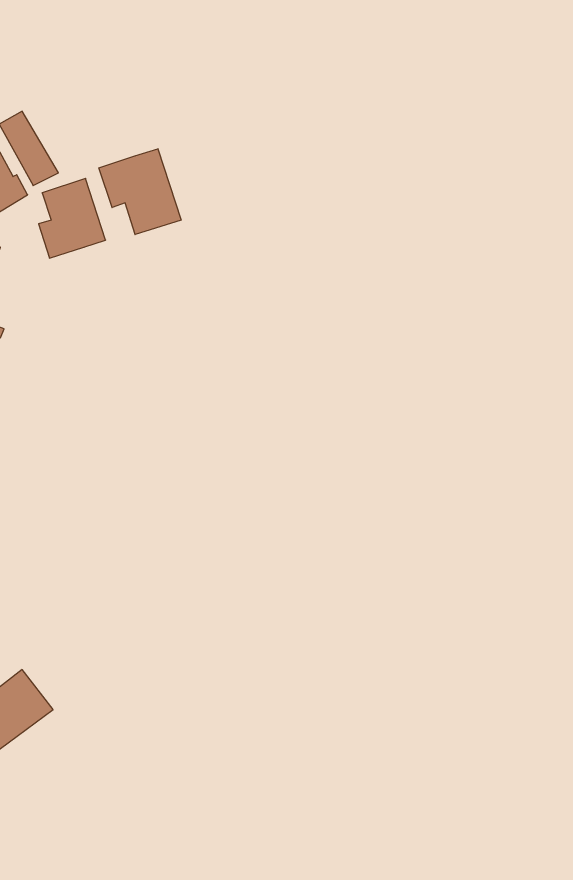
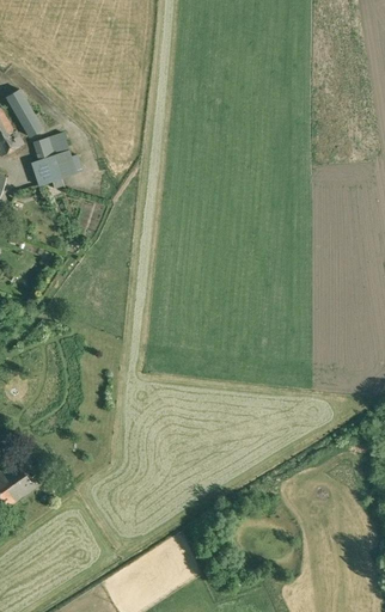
building: [99,149,181,235] -> none

